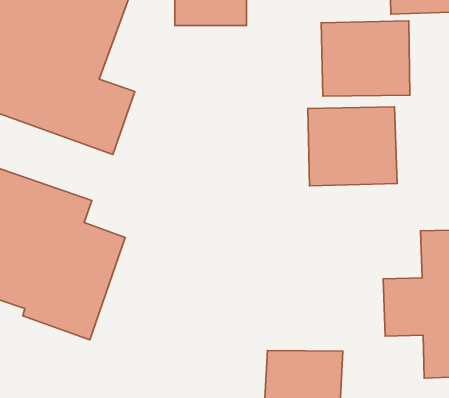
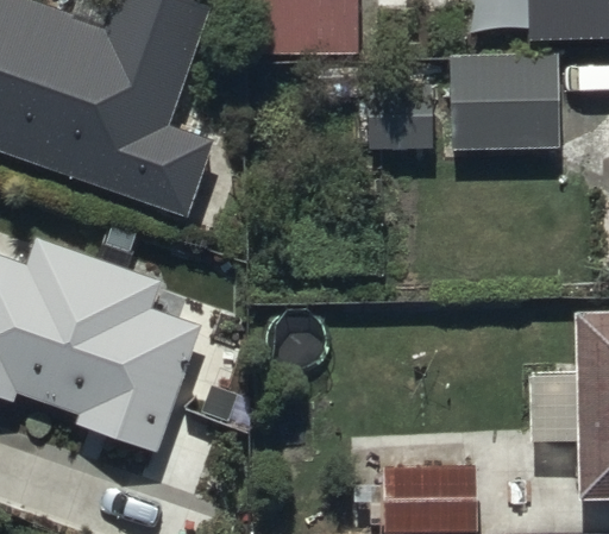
building: [308,107,397,186] -> none

